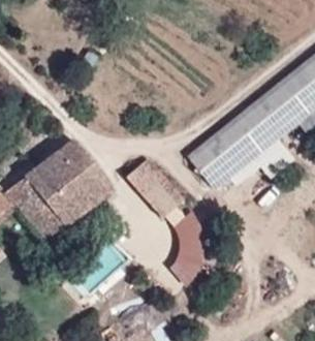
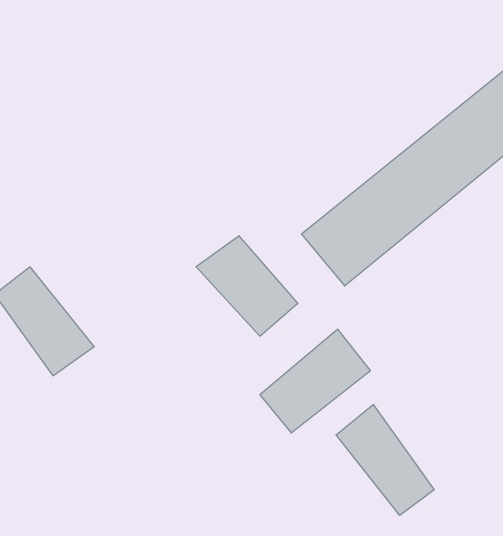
building: [26,140,114,224] -> none
building: none -> [336,405,434,515]

